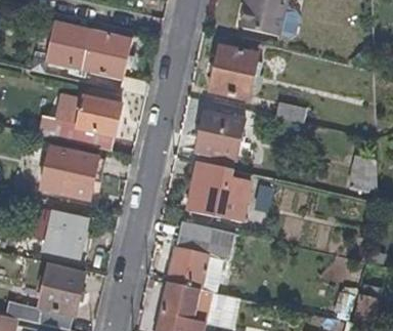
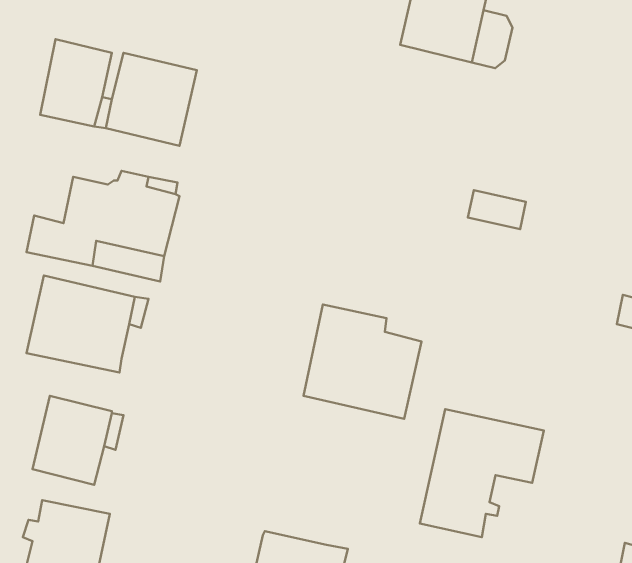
building: [208,46,257,99] -> none
building: [194,111,242,160] -> none
building: [167,221,232,289] -> [420,409,544,537]

